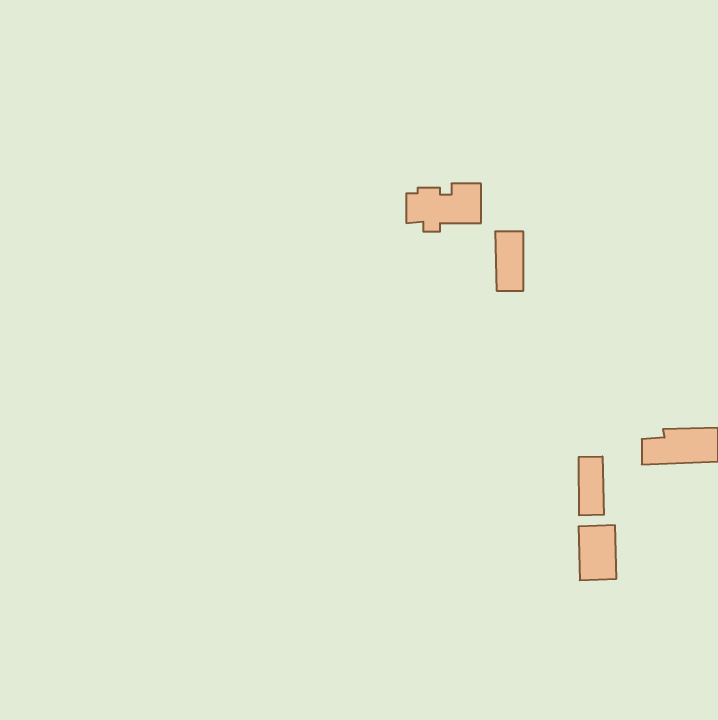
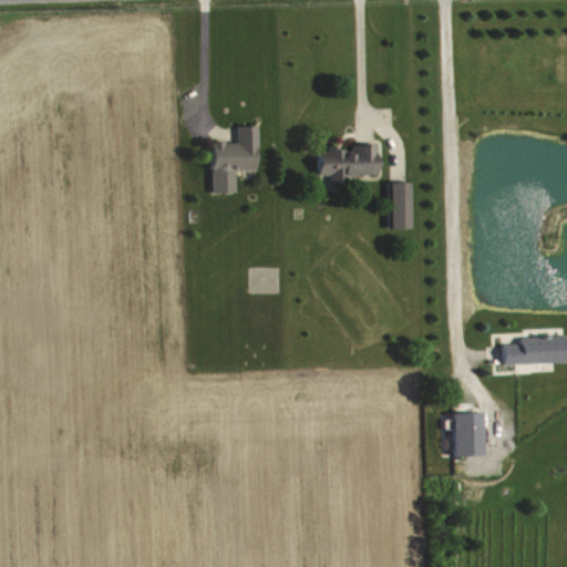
building: none -> [213,126,258,194]
building: [579,456,604,515] -> none

